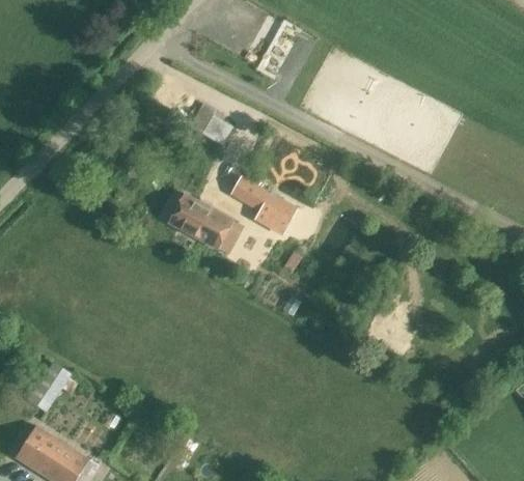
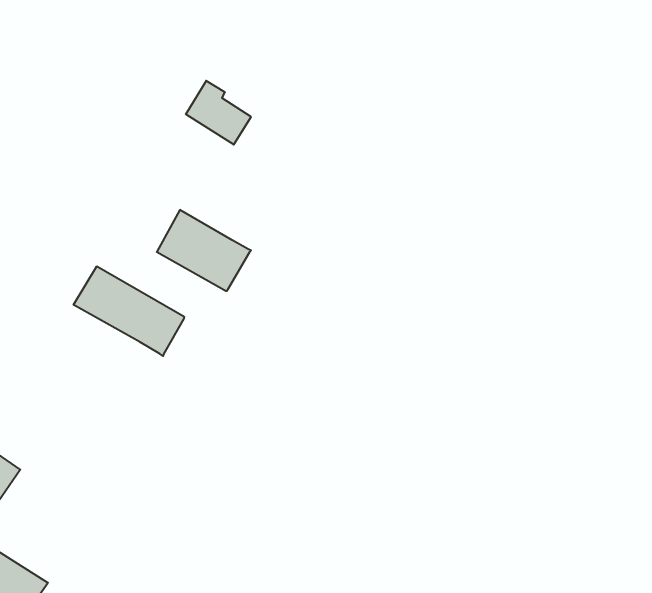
building: [229,175,298,235] -> none
building: none -> [74,266,184,356]

